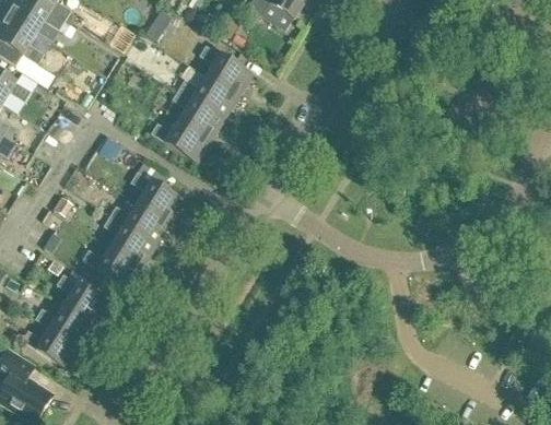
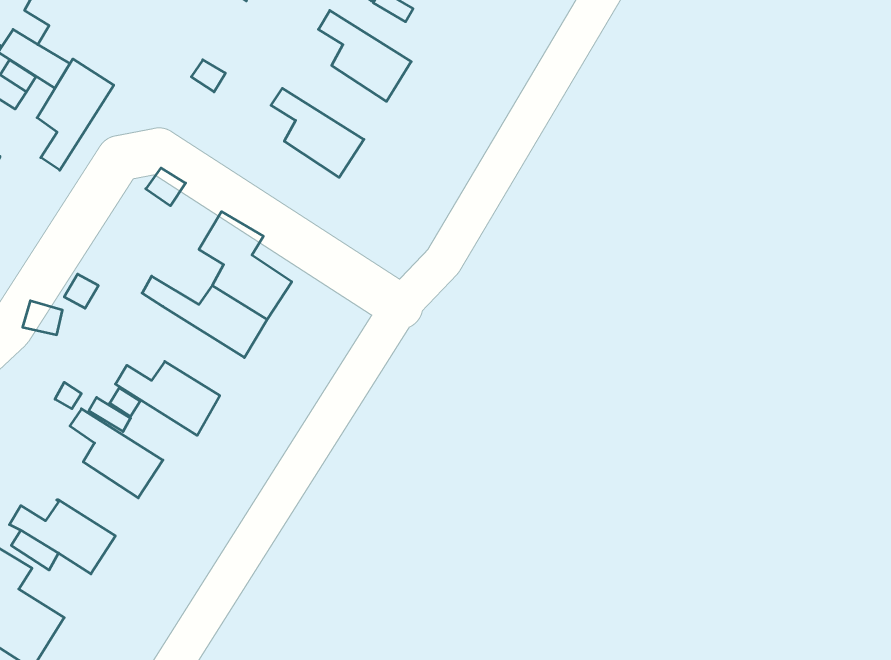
building: none -> [37,59,114,170]
building: [178,75,238,118] -> none
building: [151,119,211,162] -> none
building: [103,214,156,265] -> none
building: [35,304,95,346] -> none

